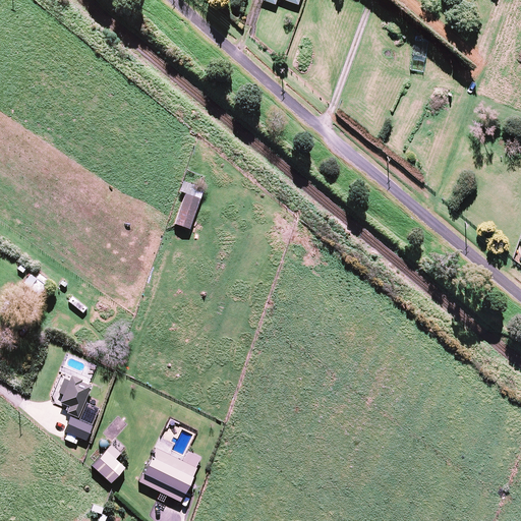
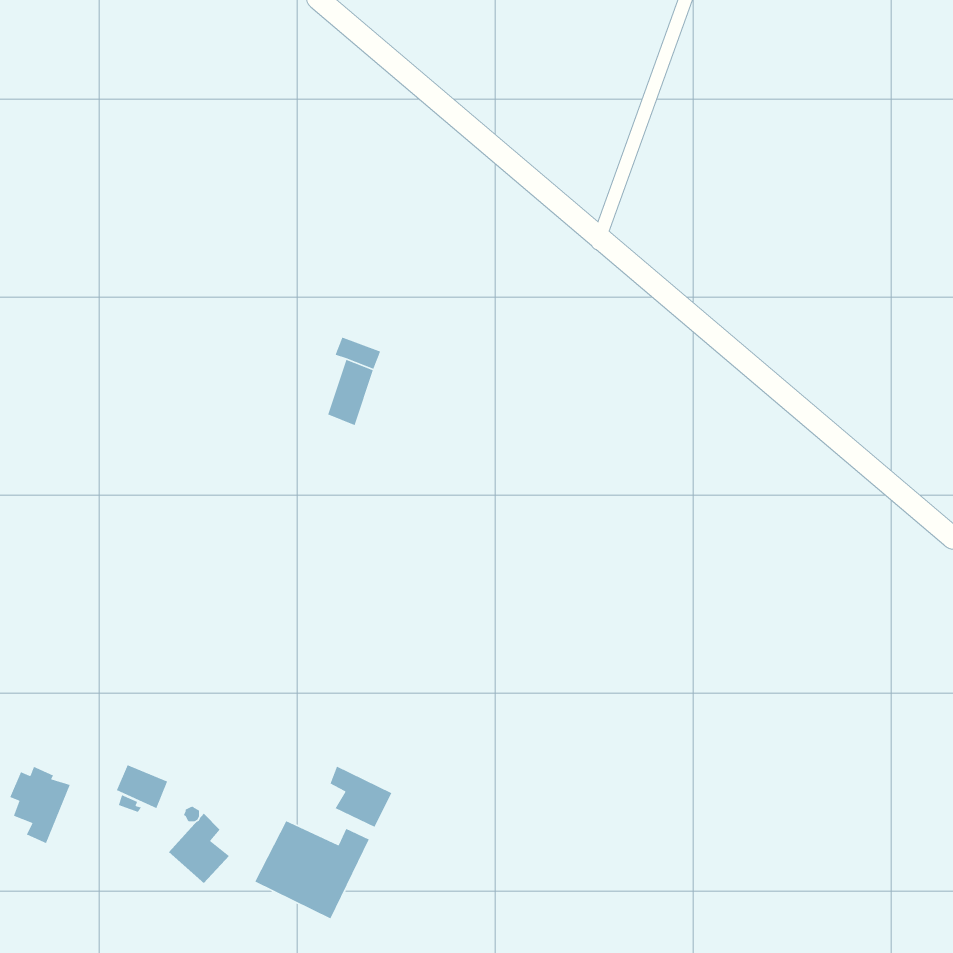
building: [58,373,92,416] -> [9,766,71,844]
building: none -> [329,766,392,828]

